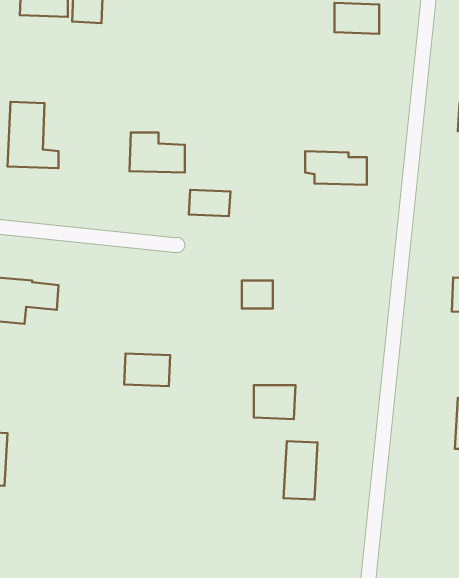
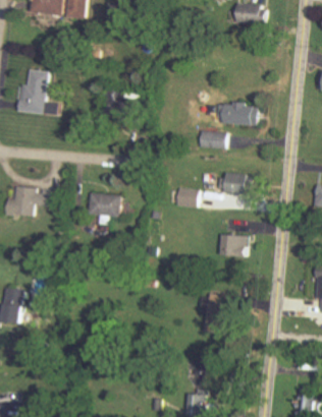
building: [189,190,230,216] -> [198,130,225,147]
building: none -> [220,172,247,193]
building: [124,354,170,386] -> [89,193,119,215]
building: [254,385,295,419] -> [219,234,247,256]

